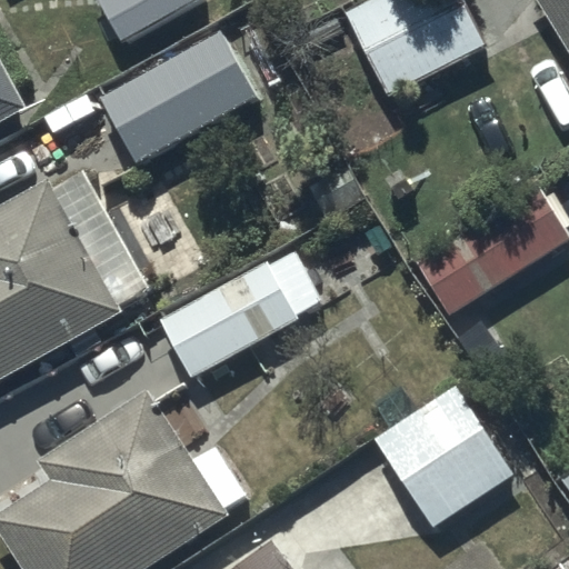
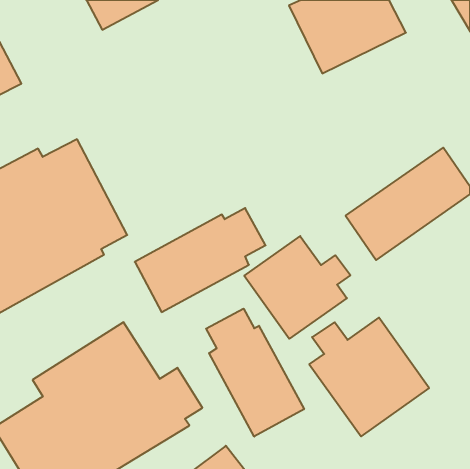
building: [99,33,252,159] -> none
building: none -> [244,236,350,339]
building: none -> [206,309,304,437]

